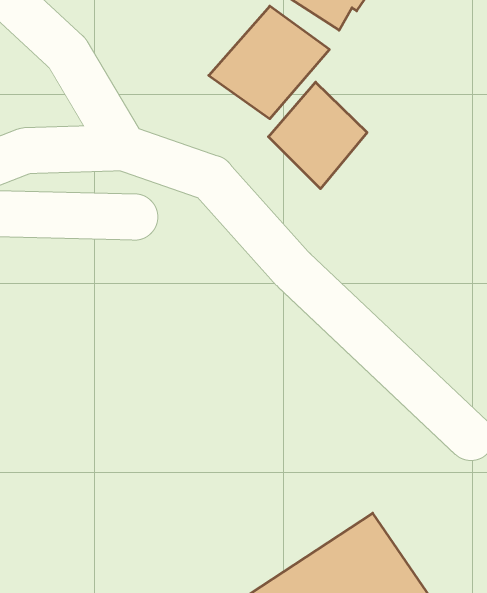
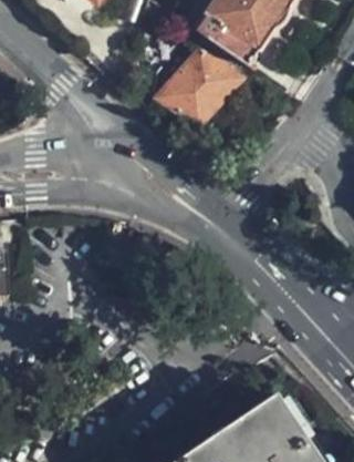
building: [268,82,367,189] -> none

